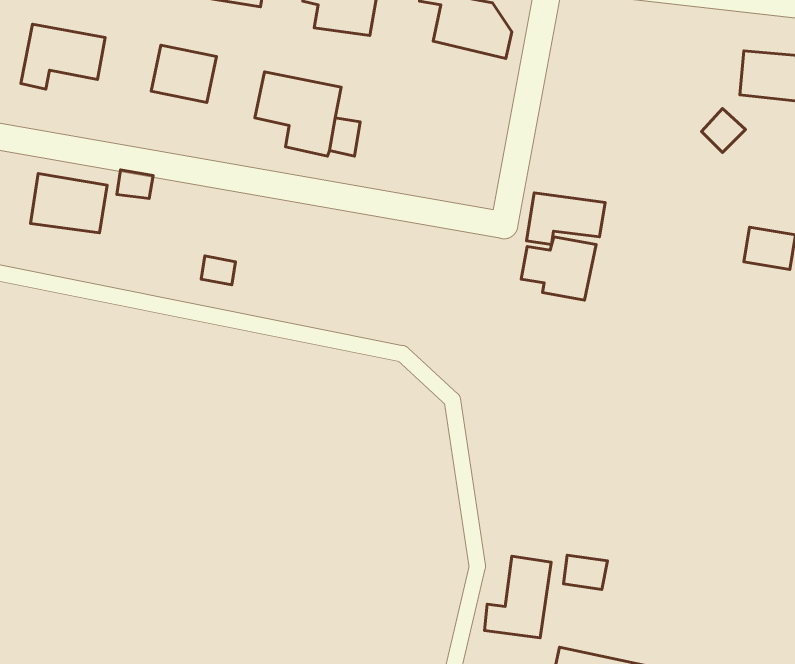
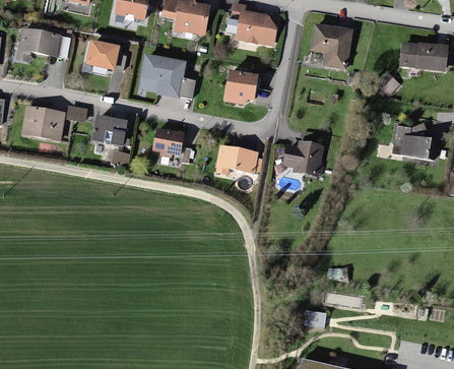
building: none -> [310,24,352,64]
building: none -> [224,68,259,104]
building: [527,193,605,245] -> [215,145,257,173]
building: none -> [93,118,124,143]
building: none -> [151,128,183,157]
building: [485,556,551,638] -> none

